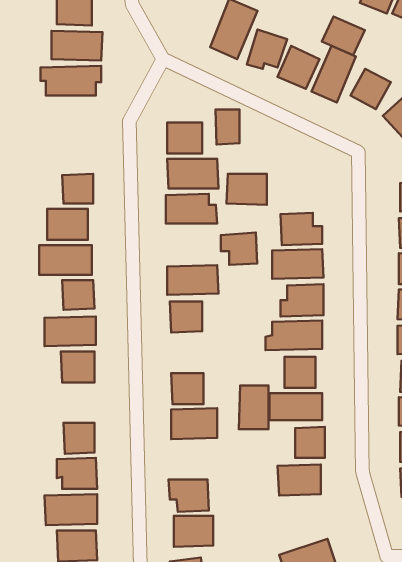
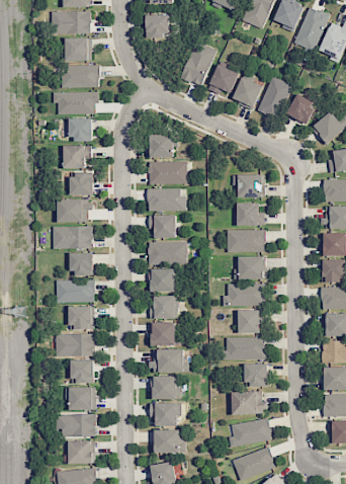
building: [322,16,365,55] -> none
building: none -> [69,117,92,140]
building: [216,110,239,144] -> none
building: none -> [64,145,92,168]
building: [226,174,267,205] -> [234,174,264,197]
building: [221,232,257,265] -> [149,214,176,238]
building: none -> [151,295,177,318]
building: [239,386,268,429] -> none
building: none -> [56,332,96,356]
building: none -> [154,375,179,399]
building: none -> [229,418,272,447]

